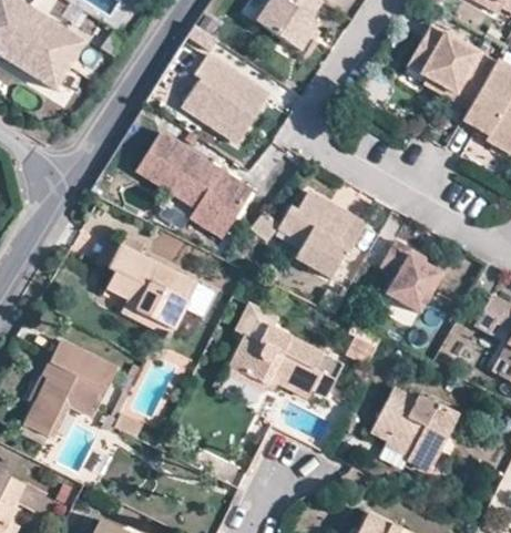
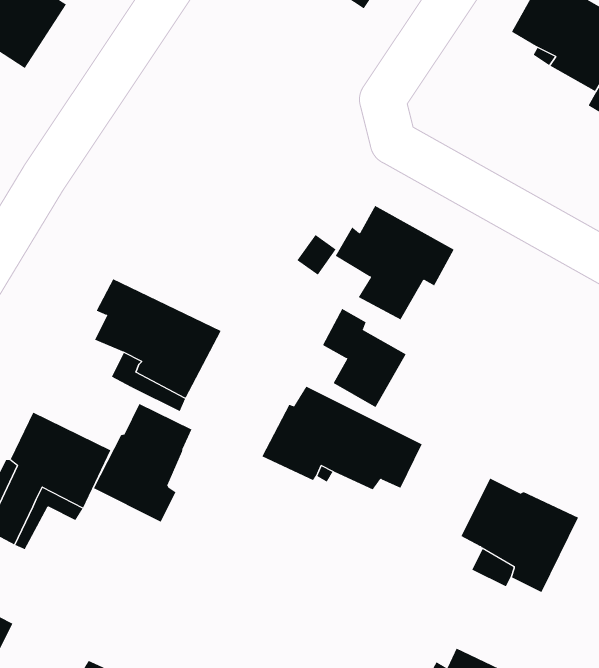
building: [181,52,269,142] -> none
building: [134,129,253,237] -> none
building: [380,238,441,310] -> [322,308,406,408]
building: none -> [93,403,192,523]

